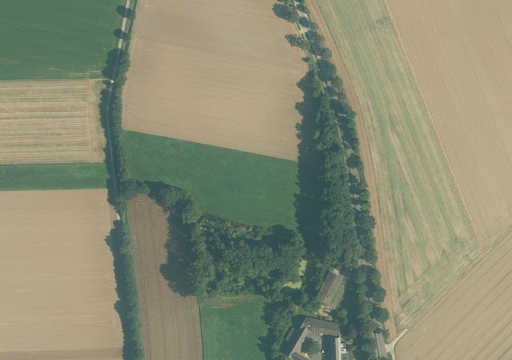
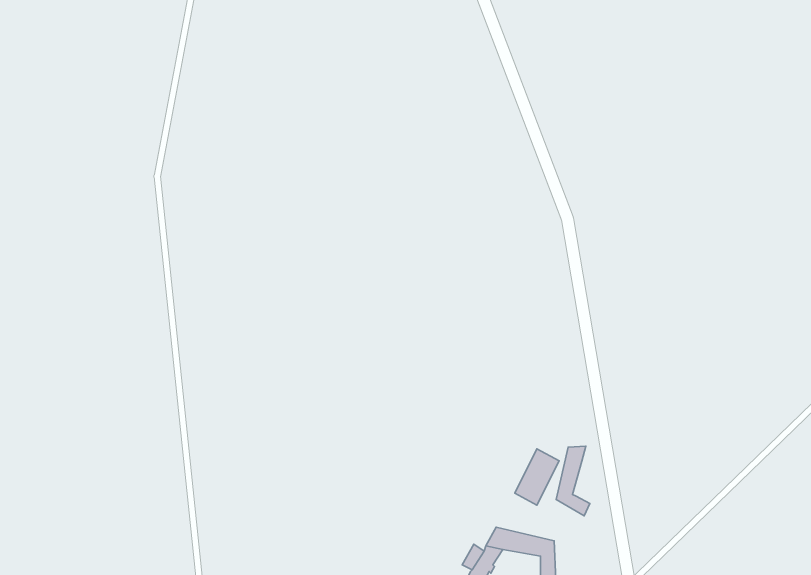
building: none -> [556,446,590,516]

